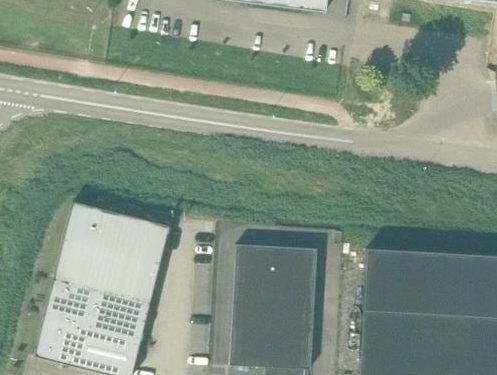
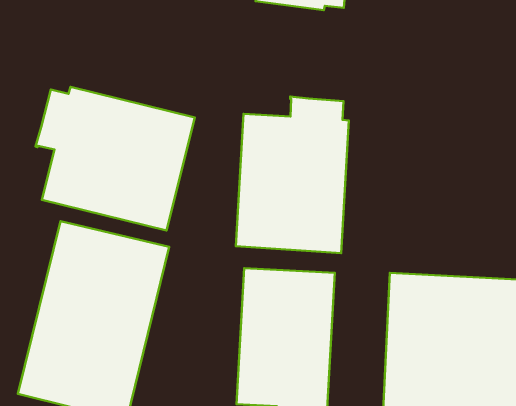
building: none -> [35,87,195,230]
building: none -> [236,97,349,253]

